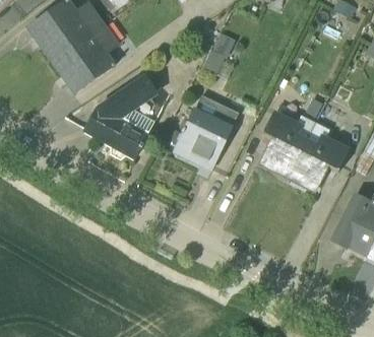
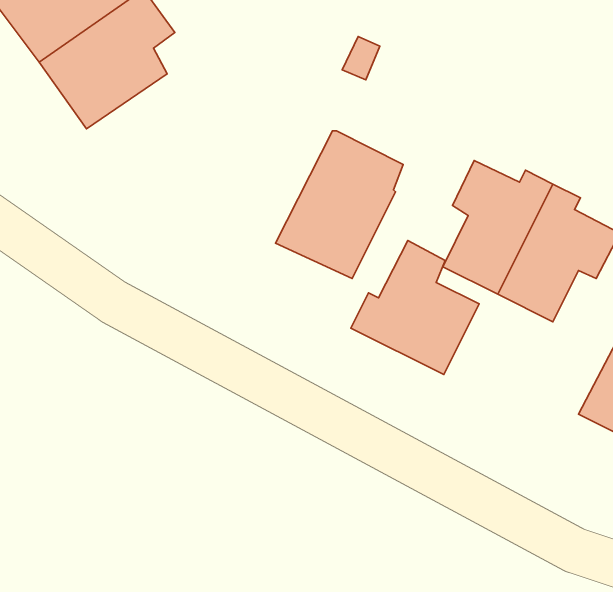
building: [82,74,162,160] -> none
building: none -> [351,241,479,374]

